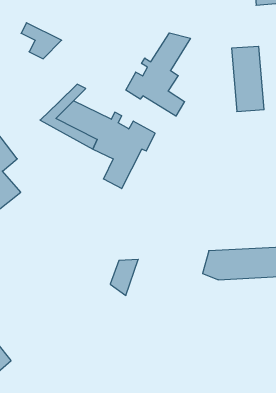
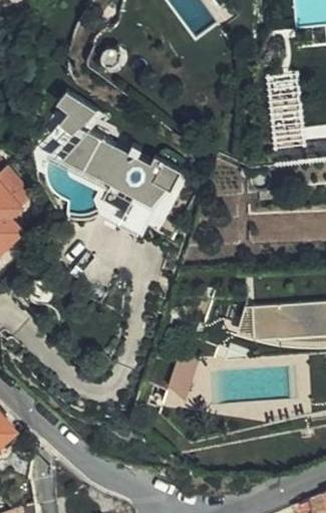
building: [21,23,62,59] -> [47,96,93,138]
building: [126,33,190,116] -> none
building: [110,259,138,295] -> [168,360,200,402]

